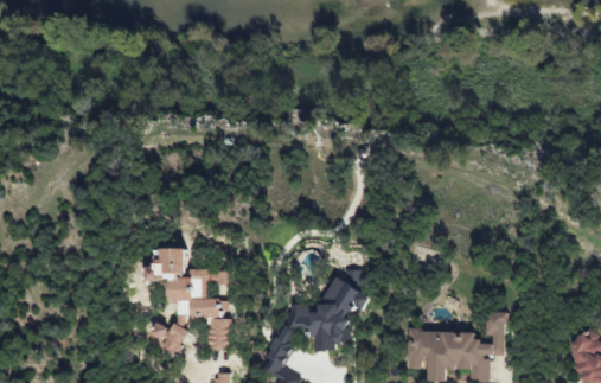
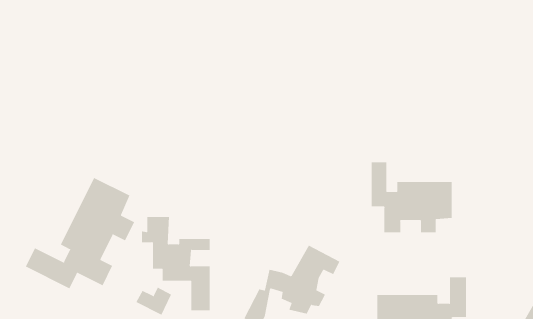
building: none -> [371,162,452,233]
building: none -> [25,177,135,289]

